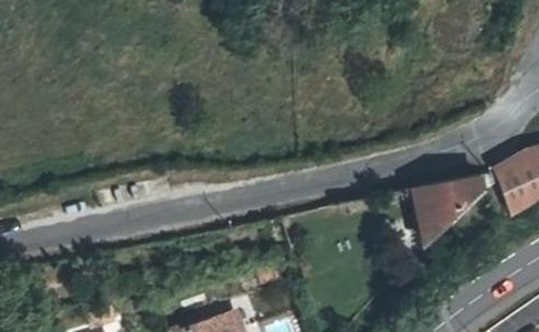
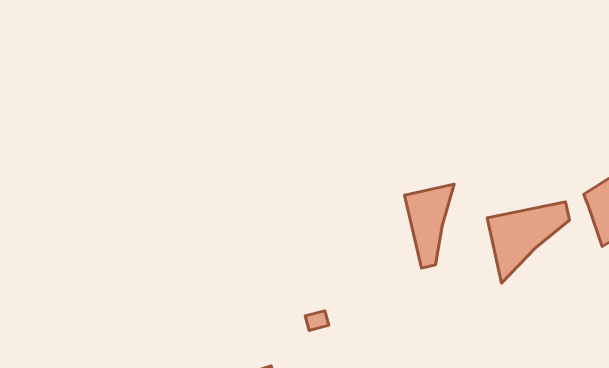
building: none -> [404,184,454,268]

